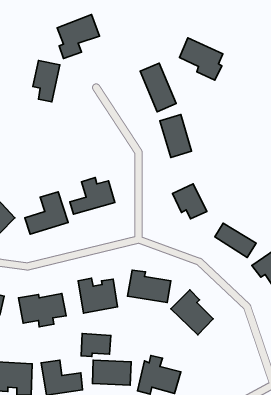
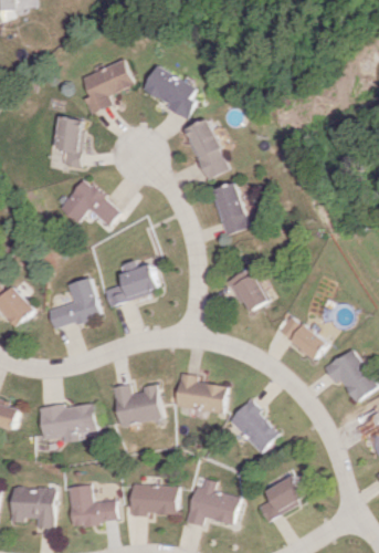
building: [180,38,223,80] -> [147,65,200,117]
building: none -> [55,178,117,226]
building: [81,334,111,356] -> none
building: none -> [254,473,303,520]

